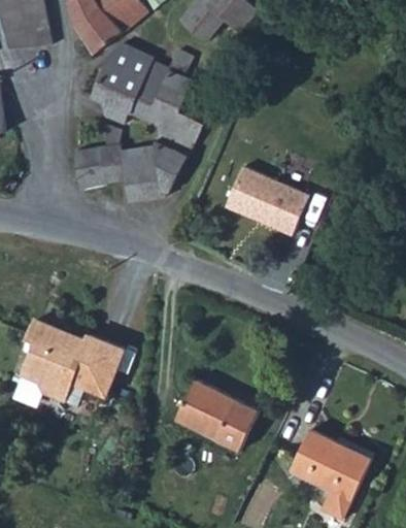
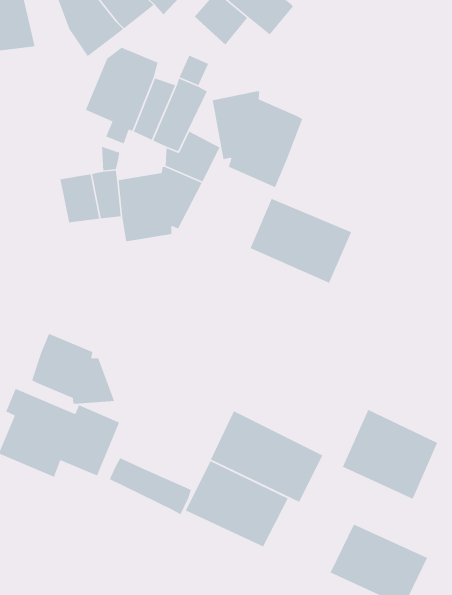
building: none -> [212,91,303,188]
building: none -> [31,333,115,405]
building: none -> [342,409,438,500]
building: none -> [210,410,323,503]
building: none -> [109,457,192,515]

